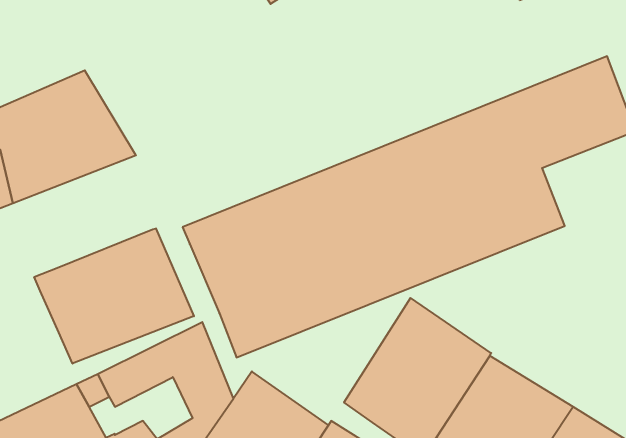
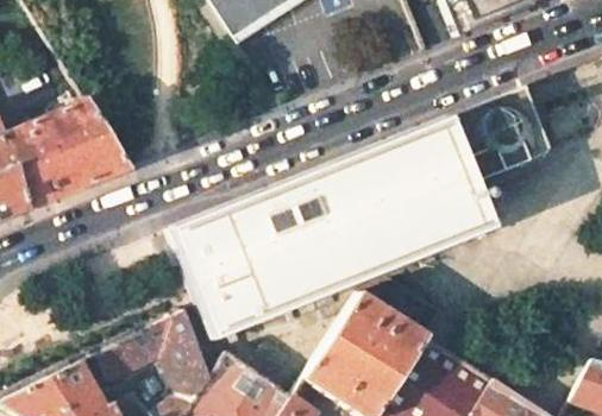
building: [34,228,194,364] -> none

